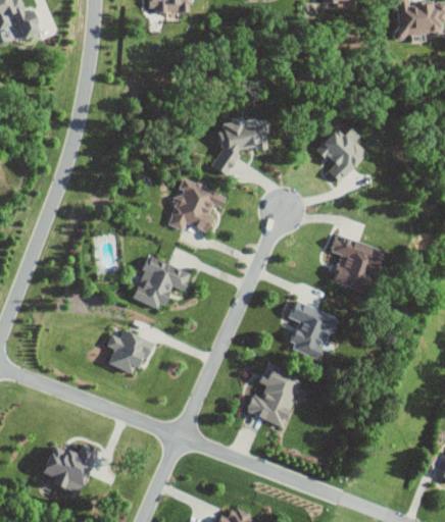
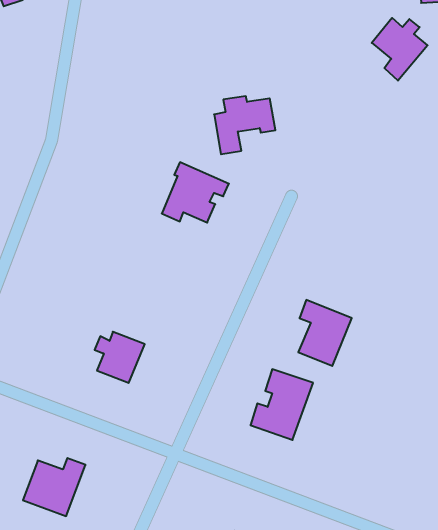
building: [316,126,366,182] -> [372,18,428,81]
building: [331,234,384,294] -> none
building: [132,256,191,310] -> none

